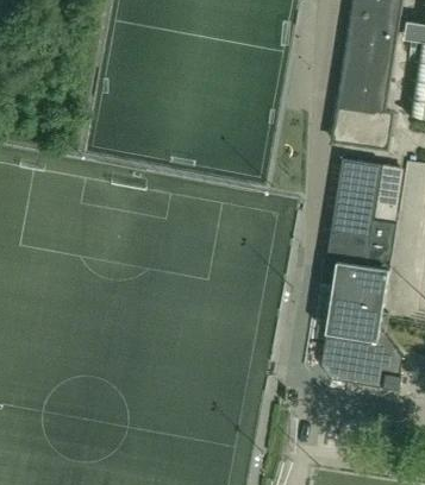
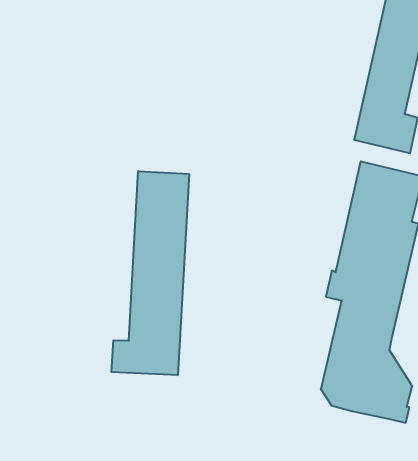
building: none -> [111,171,189,375]

